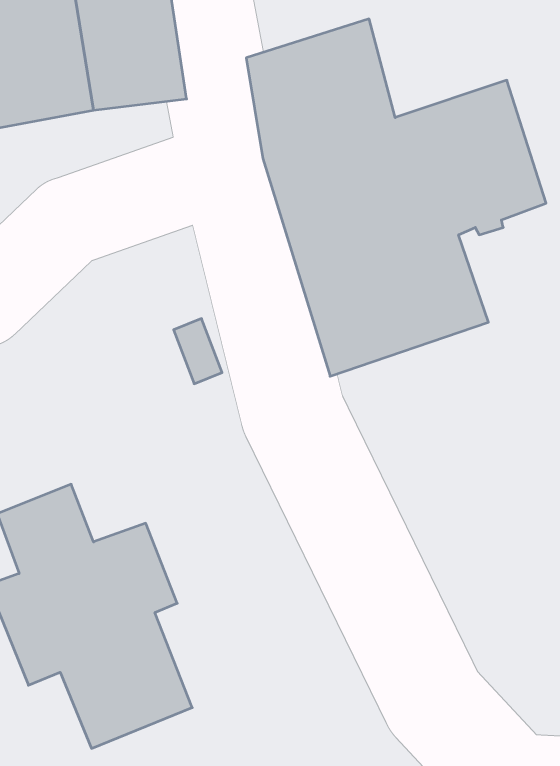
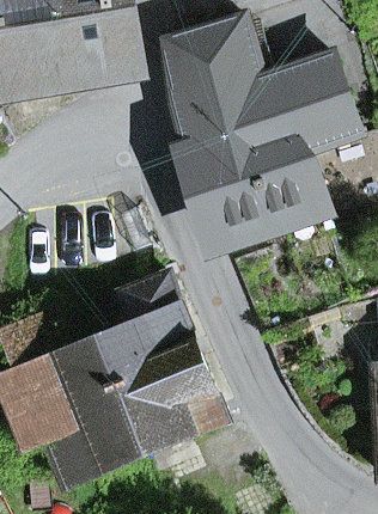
building: none -> [102,276,226,459]

